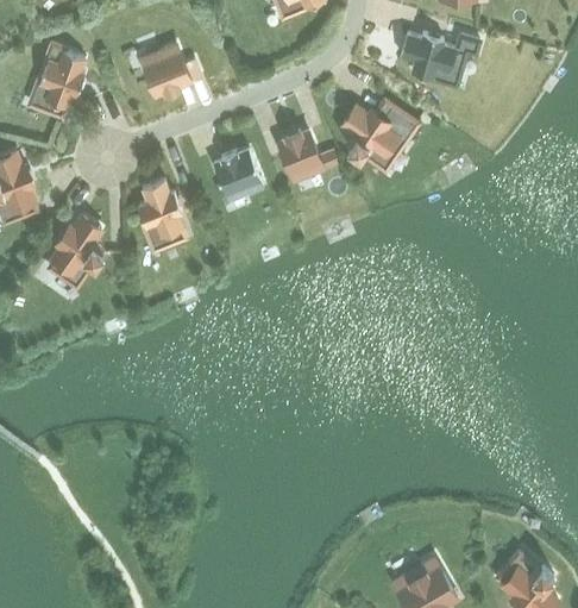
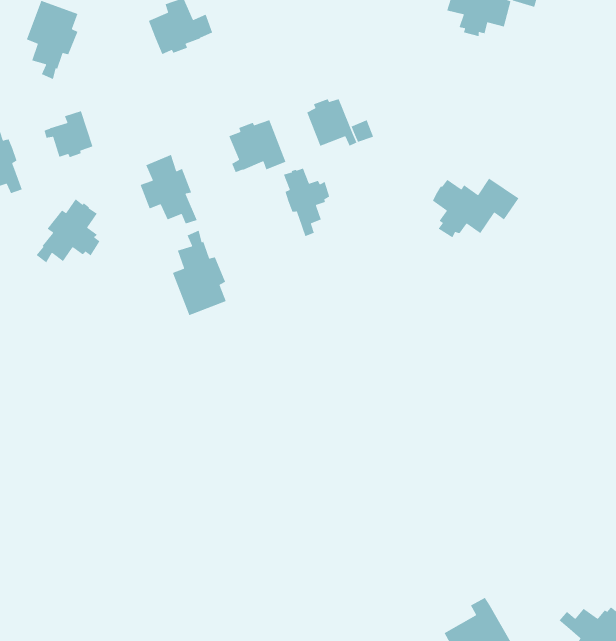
building: [341,106,416,158] -> [432,177,519,238]
building: none -> [43,110,94,158]
building: none -> [283,167,330,237]
building: none -> [172,229,227,316]

